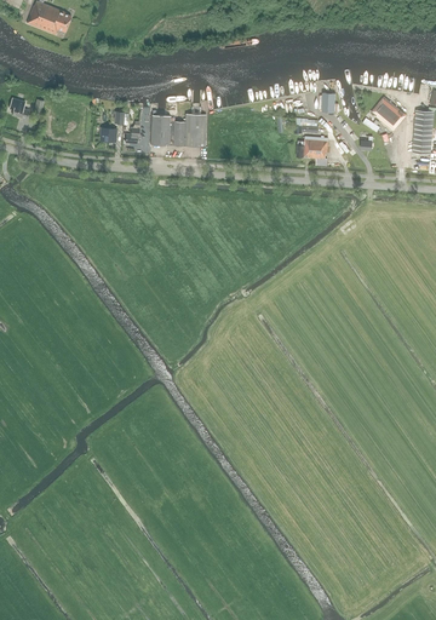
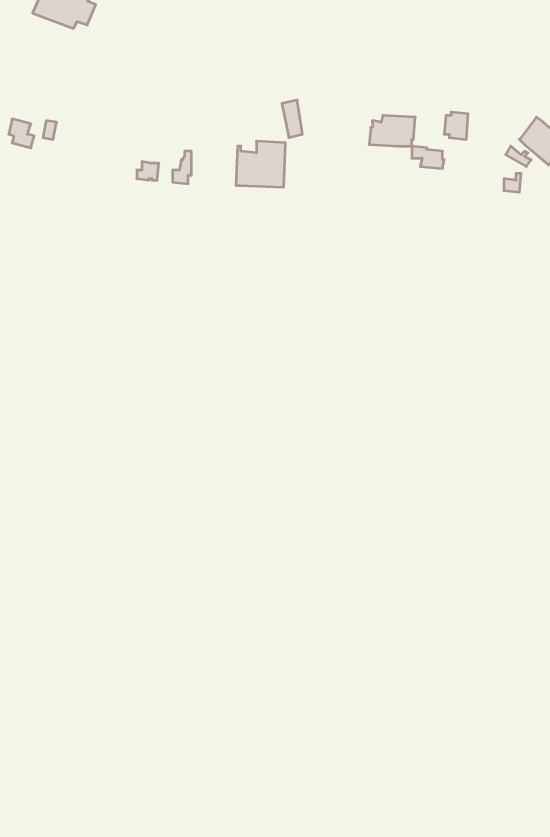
building: [150,115,172,145] -> none
building: [296,137,328,159] -> [369,115,415,146]

